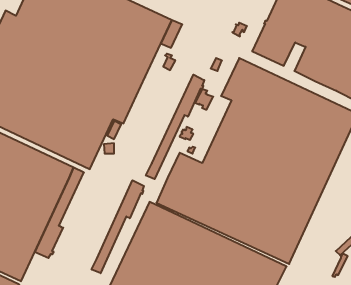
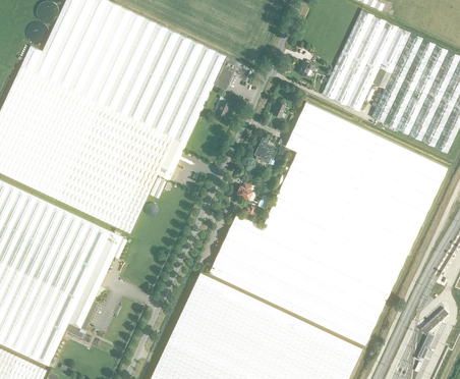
building: [146,75,204,179] -> none
building: [92,180,144,273] -> none

